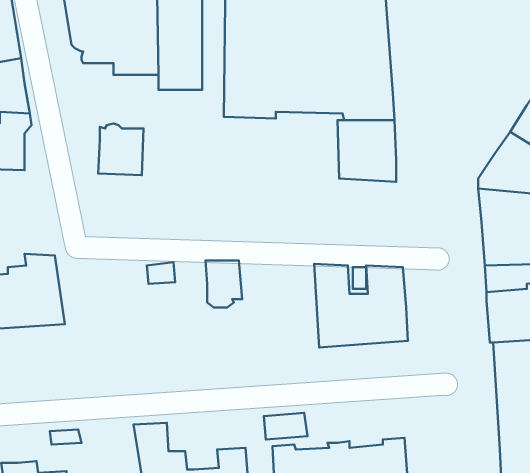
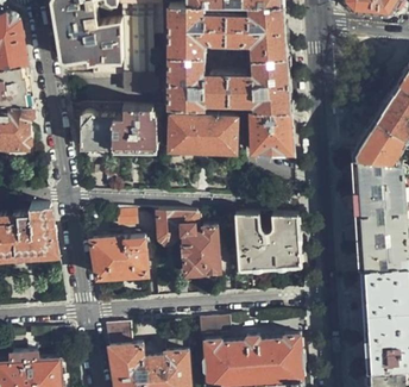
building: none -> [112,107,156,149]
building: none -> [170,113,238,151]
building: none -> [181,210,219,274]
building: none -> [92,238,146,279]

